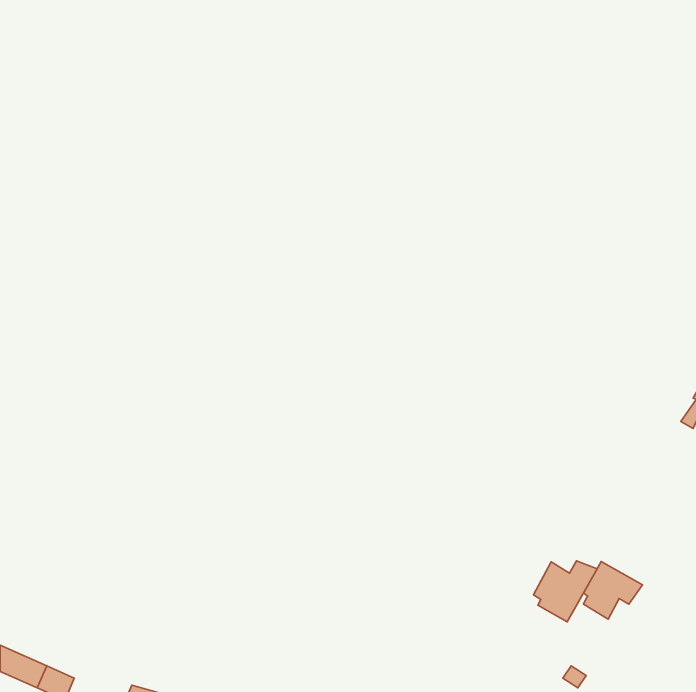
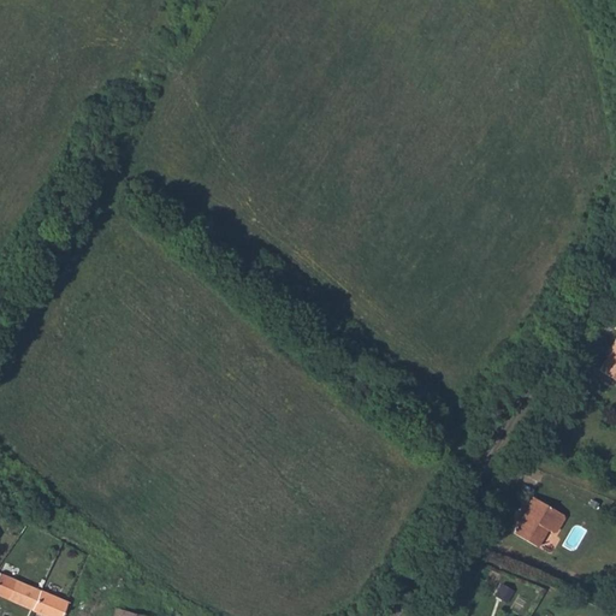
building: [534,561,597,622] -> none

